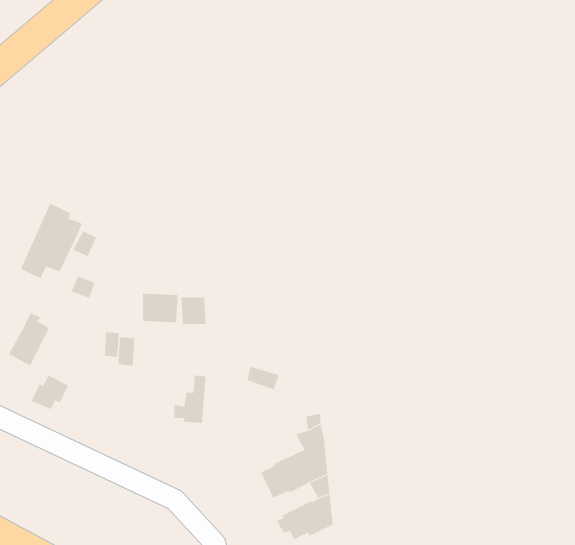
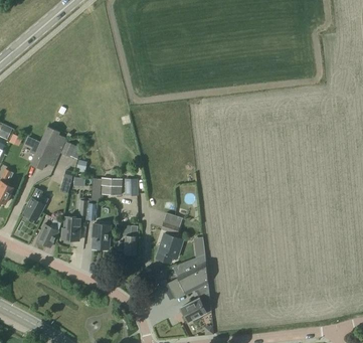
building: none -> [60,216,80,240]
building: none -> [93,223,111,249]
building: none -> [156,233,183,263]

